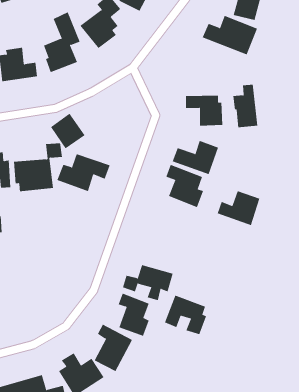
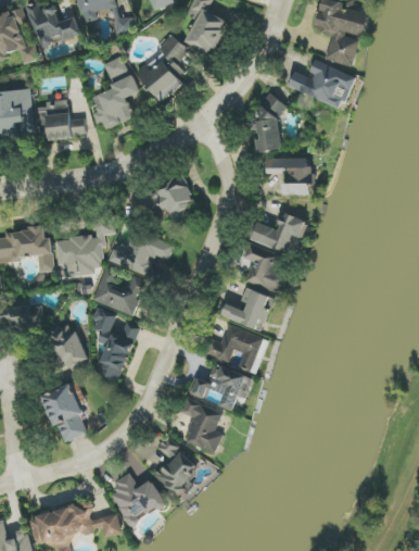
building: [232,84,258,128] -> [251,98,282,151]
building: [50,113,86,149] -> [154,176,198,221]
building: none -> [91,264,145,315]
building: [217,190,260,226] -> [219,287,272,330]
building: none -> [91,306,139,384]
building: none -> [47,321,86,373]
building: none -> [43,384,87,441]
building: [164,295,207,335] -> [212,323,264,372]

